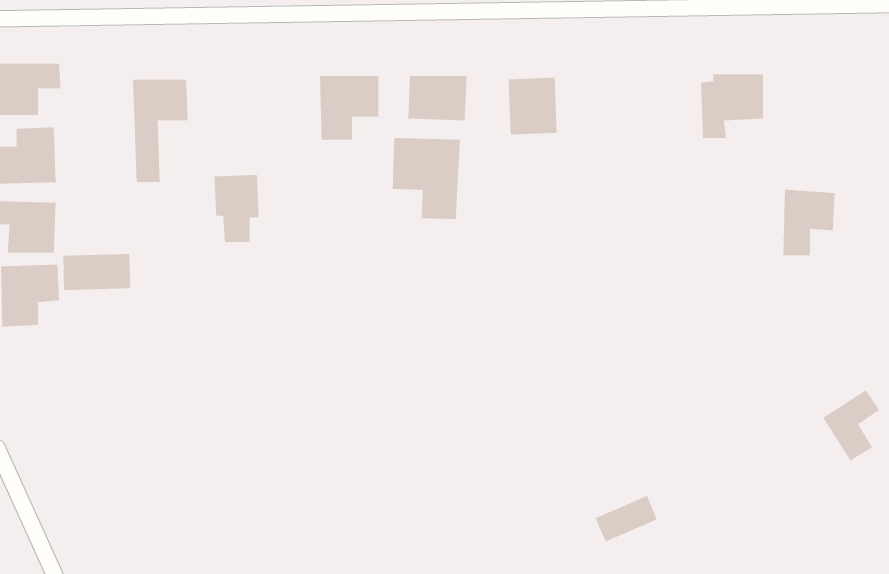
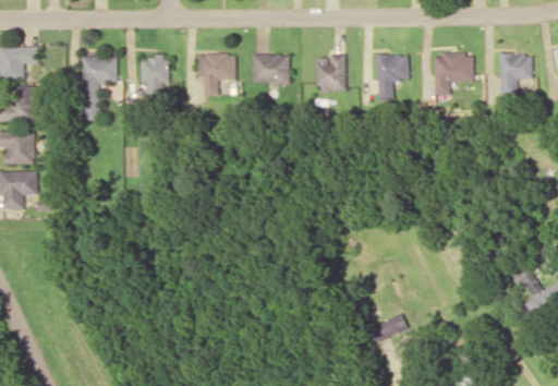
building: none -> [375,53,409,97]
building: [392,137,461,220] -> none
building: [214,174,259,243] -> [141,56,169,98]
building: [783,189,835,256] -> [499,52,532,94]
building: [62,253,131,291] -> none

